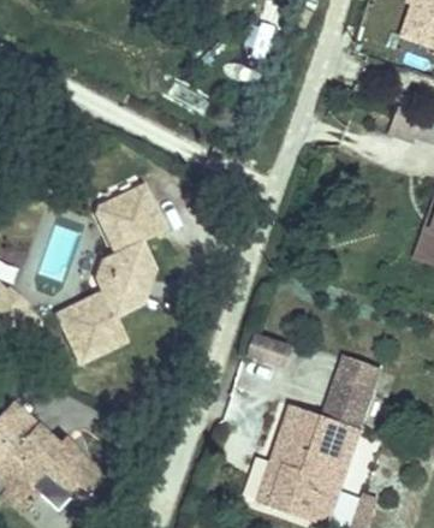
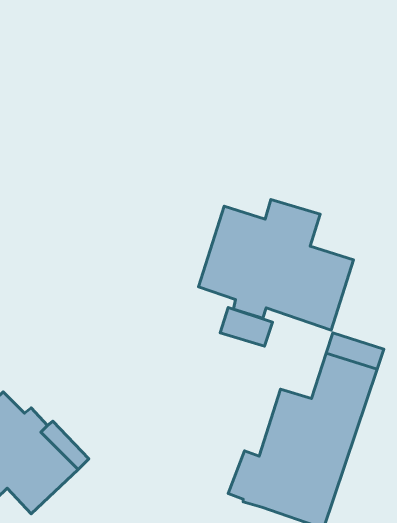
building: [50,174,167,361] -> none
building: none -> [198,199,353,330]

